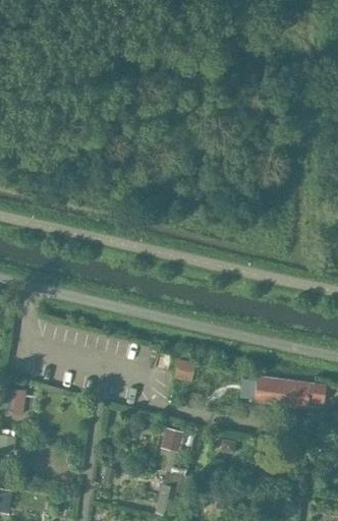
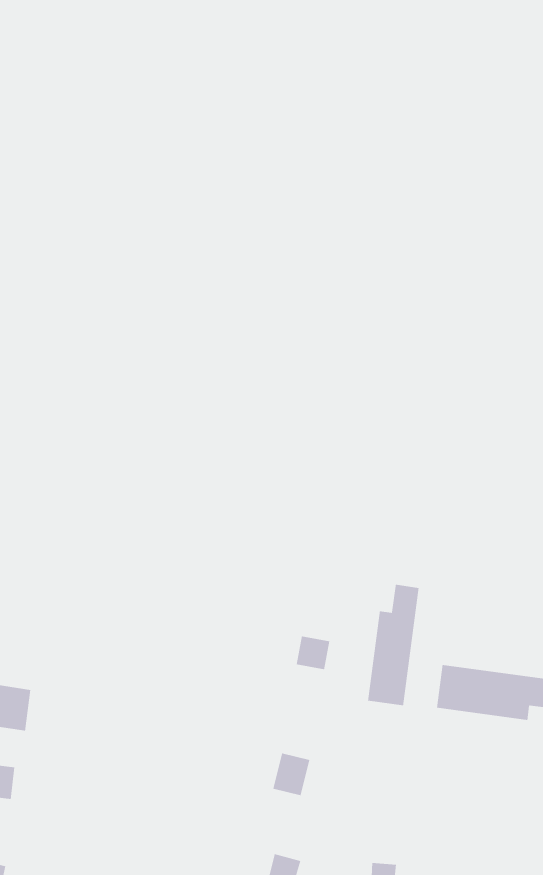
building: none -> [368,584,419,706]

